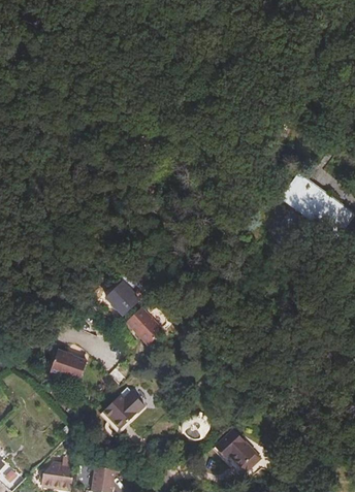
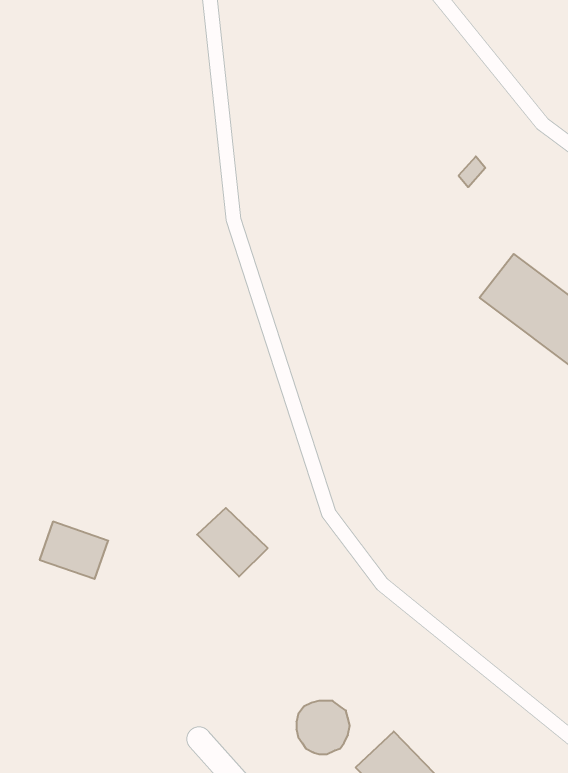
building: [106,278,143,316] -> none
building: [49,350,86,381] -> [40,522,108,579]
building: [101,394,141,429] -> none

